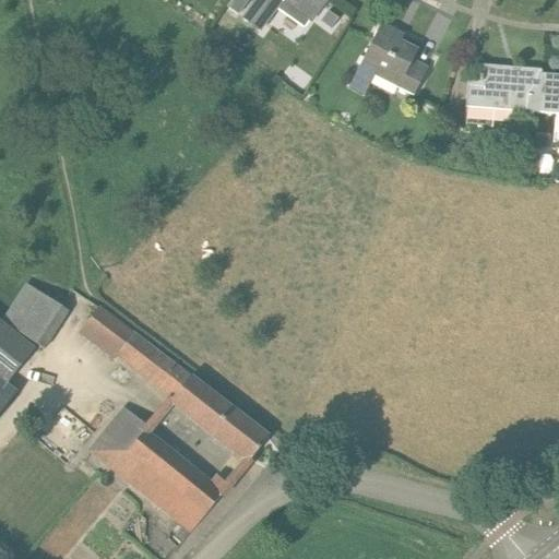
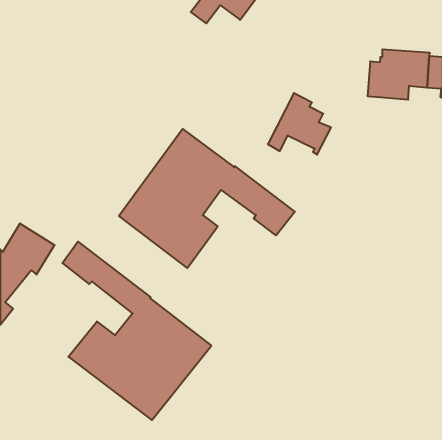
building: [349,21,429,98] -> [268,93,331,155]
building: none -> [119,129,295,268]

